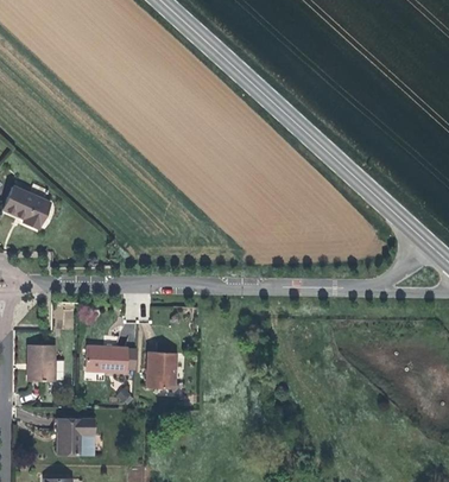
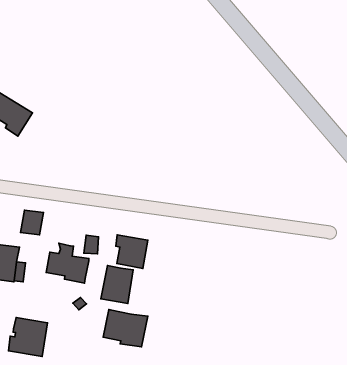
building: none -> [116,235,148,269]
building: none -> [103,310,148,347]

